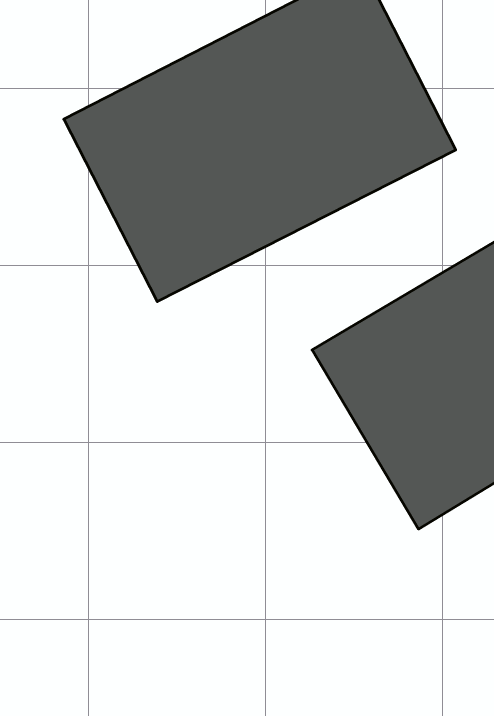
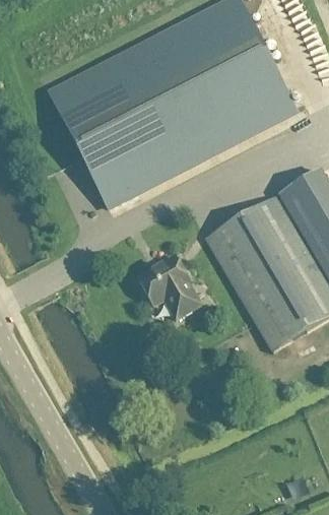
building: none -> [137,254,200,318]

